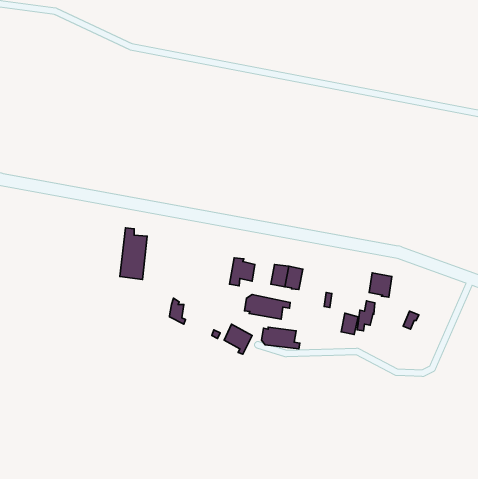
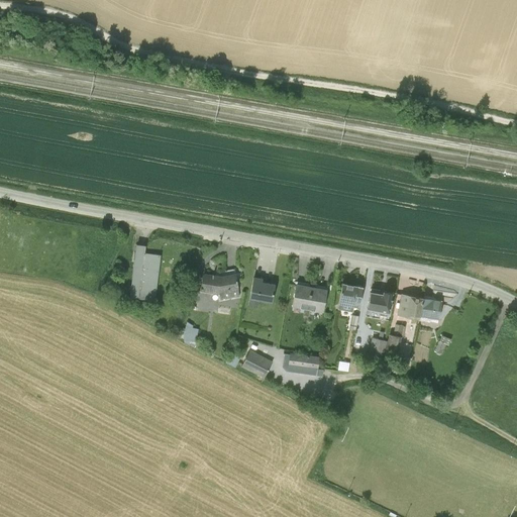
building: none -> [201,274,240,299]
building: none -> [338,283,364,312]
building: none -> [368,291,394,313]
building: none -> [420,295,441,322]
building: [244,295,290,319] -> none

